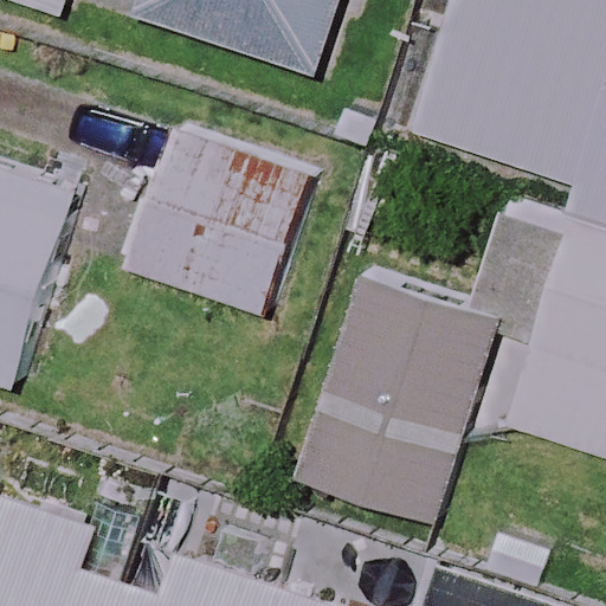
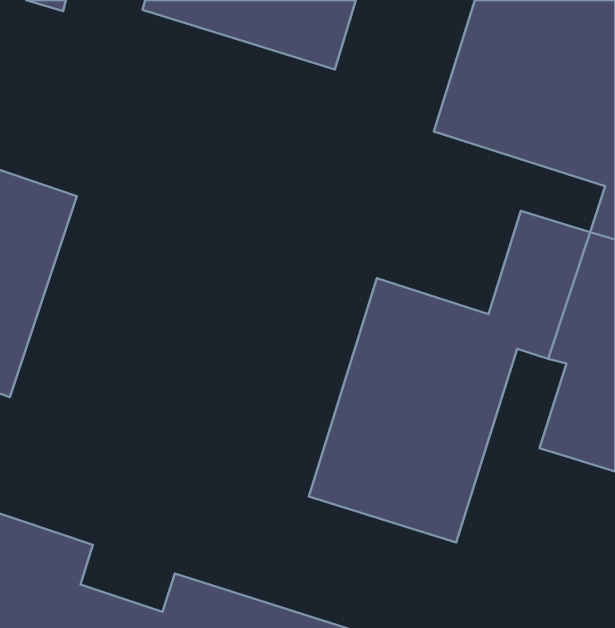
building: [122,131,307,314] -> none

